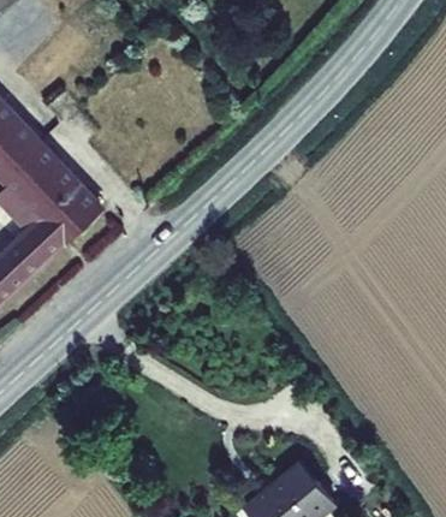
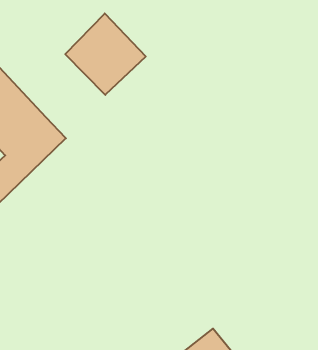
building: none -> [65,13,146,95]

